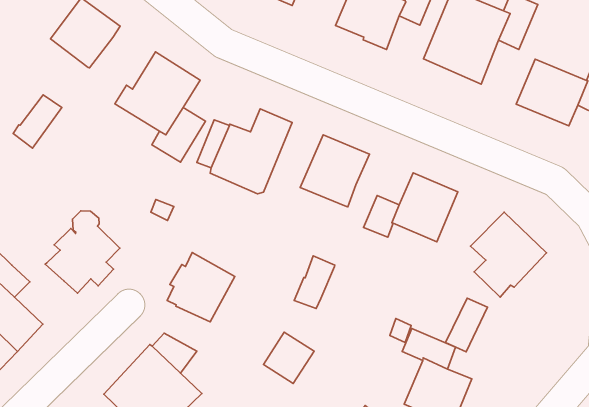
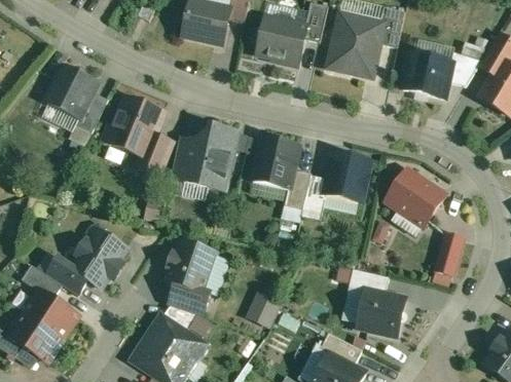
building: [13,95,62,148] -> [74,91,107,132]
building: none -> [46,258,87,295]
building: [294,256,335,309] -> [284,169,309,208]
building: [446,298,488,352] -> [435,234,462,274]
building: none -> [167,283,210,316]

